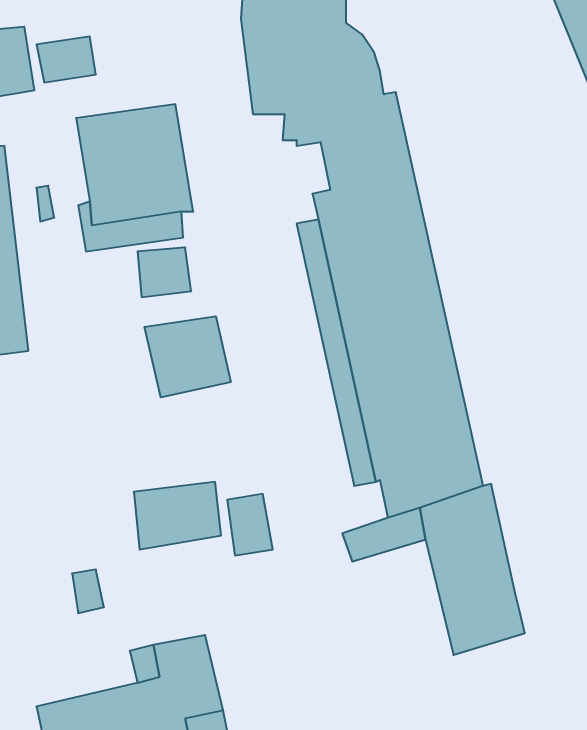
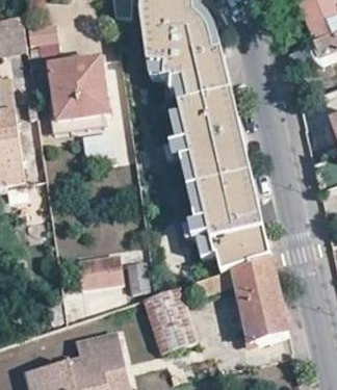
building: [144,316,231,397] -> none
building: none -> [146,284,199,350]

